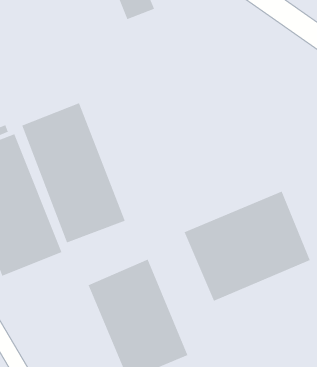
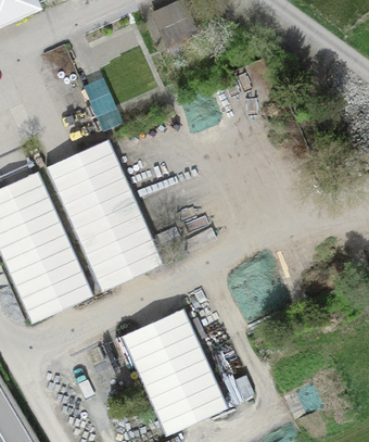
building: [183,191,311,302] -> none

